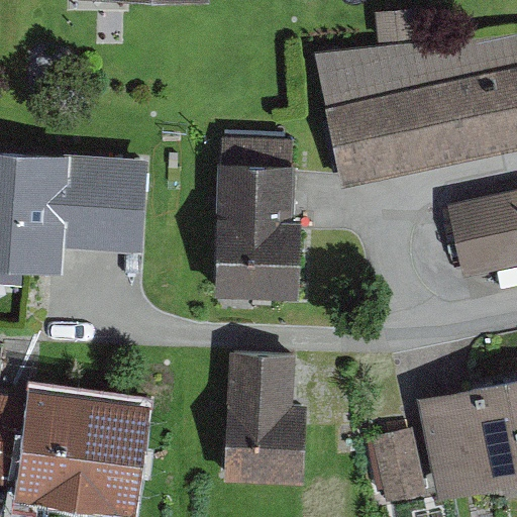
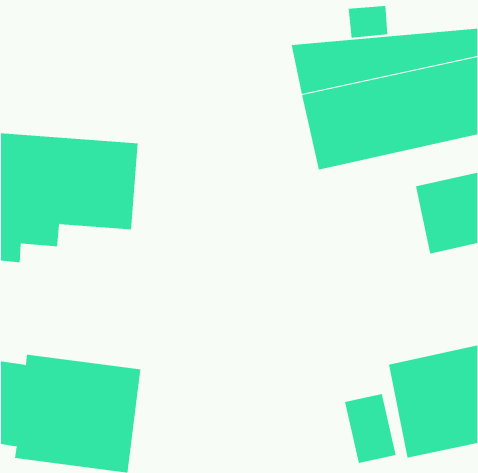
building: [215,139,301,298] -> none
building: [224,351,307,484] -> none

